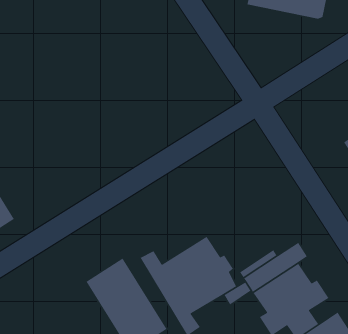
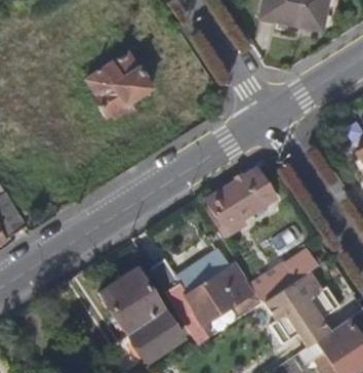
building: none -> [87,51,154,119]
building: none -> [207,167,274,226]

